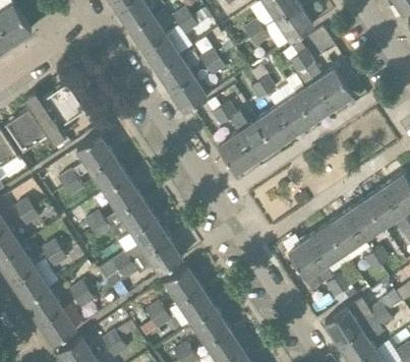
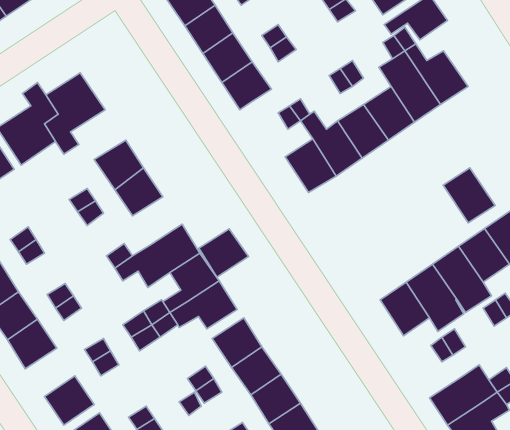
building: none -> [443,168,495,223]
building: [105,176,141,212] -> [199,229,248,277]
building: [25,288,62,323] -> none

